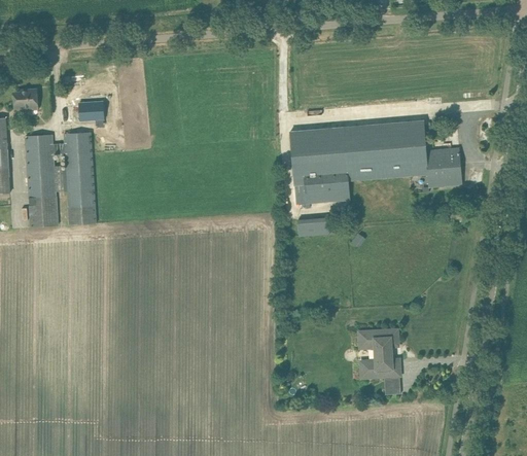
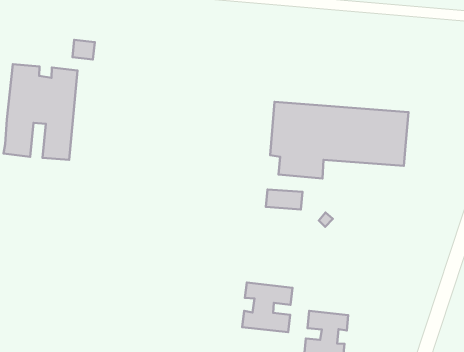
building: [12,89,37,111] -> none
building: [425,148,461,187] -> none
building: none -> [242,283,293,332]

